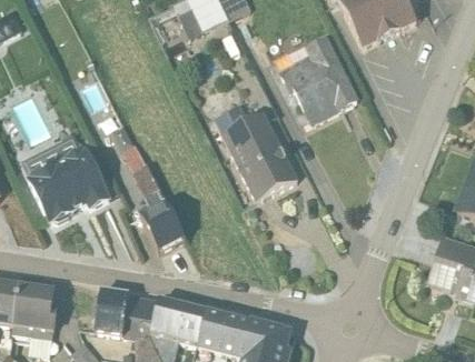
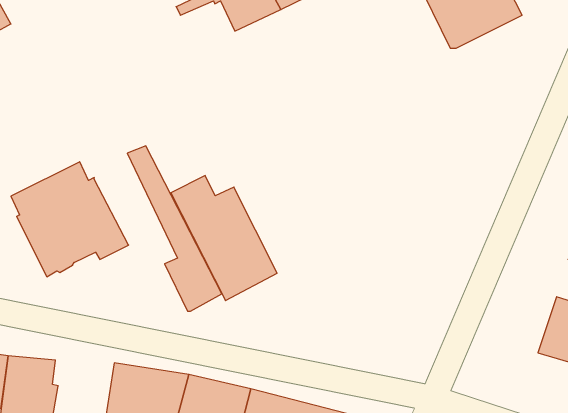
building: [275,37,359,119] -> none
building: [215,103,297,200] -> [171,176,277,301]

